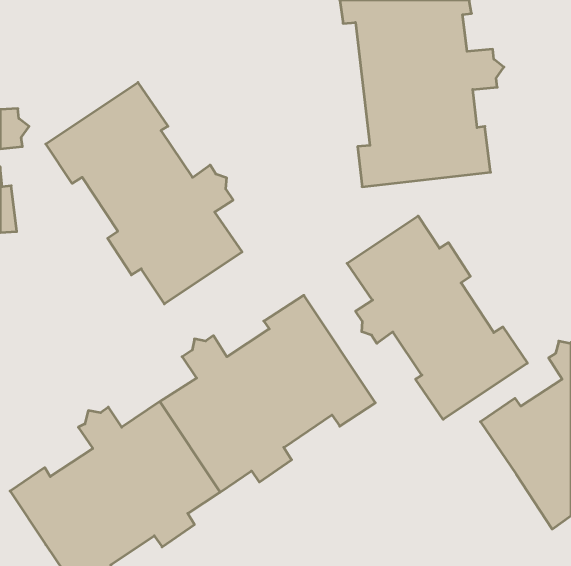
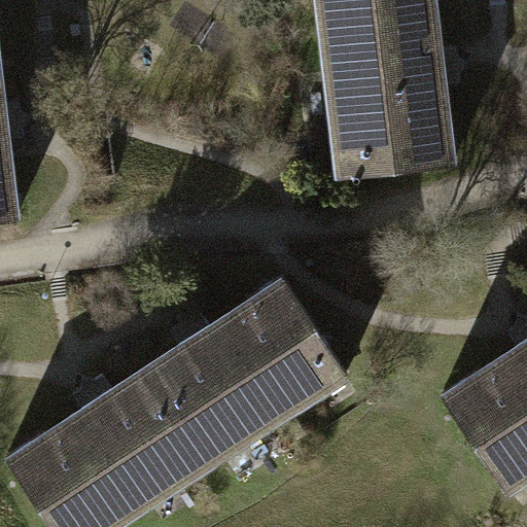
building: [46,82,242,304] -> none
building: [347,216,527,419] -> none

